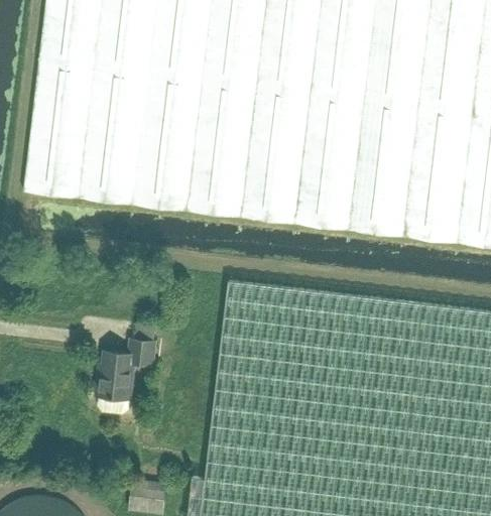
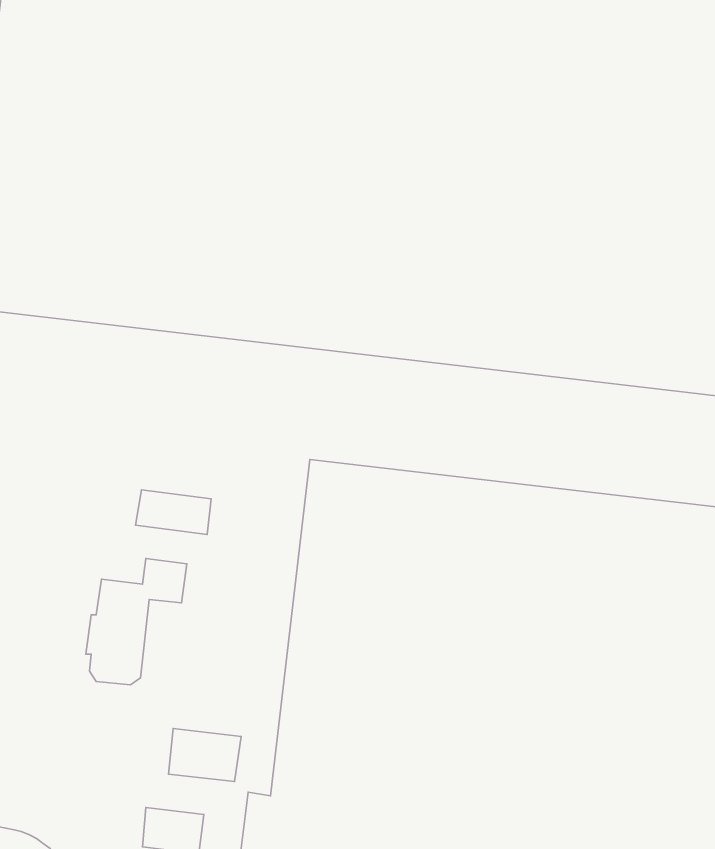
building: none -> [135,490,211,535]
building: none -> [168,729,241,782]

